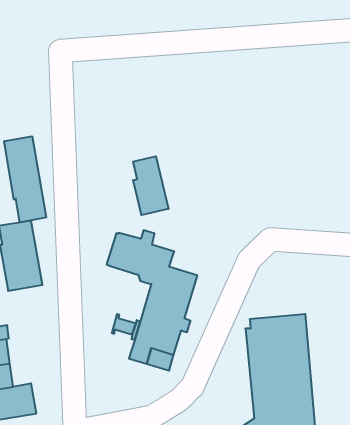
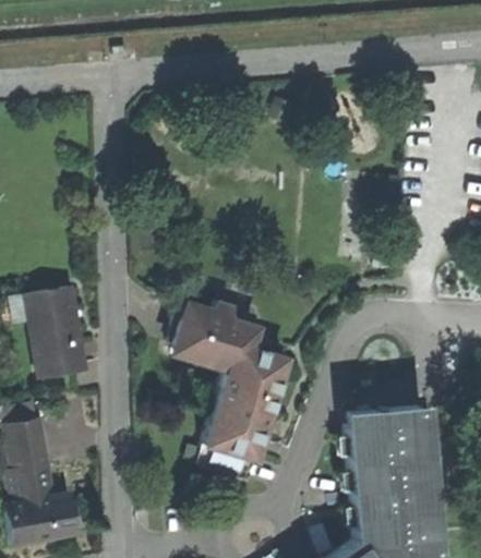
building: [4,136,46,223] -> none
building: [133,156,169,215] -> none

